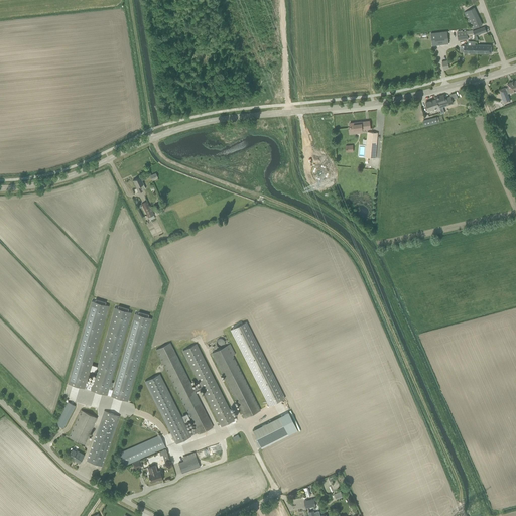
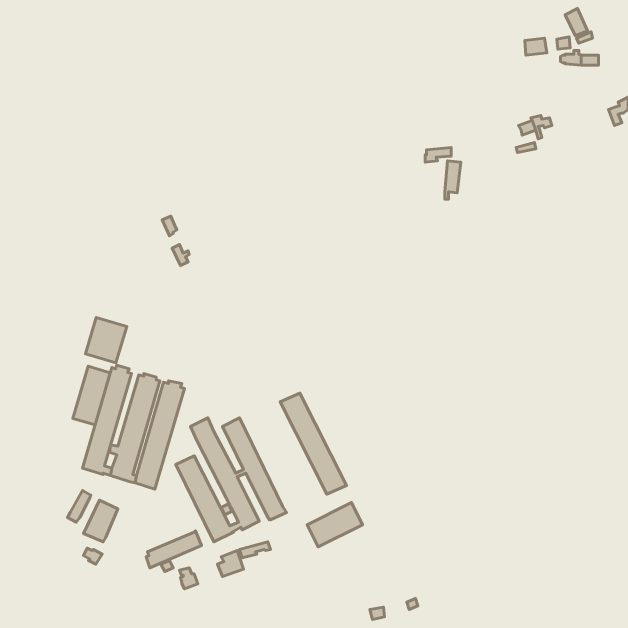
building: none -> [85,317,127,363]
building: none -> [73,366,110,425]
building: [212,344,259,417] -> none
building: [87,410,120,467] -> none

